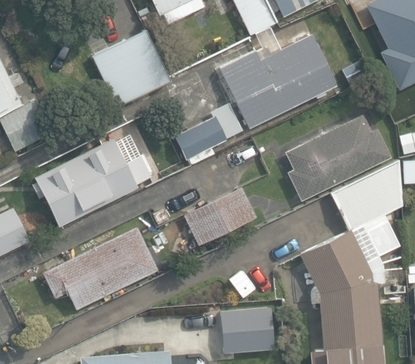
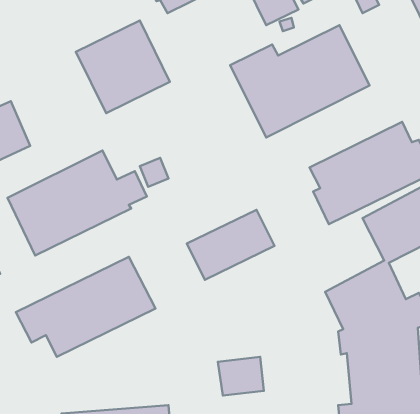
building: [175,104,241,159] -> none

